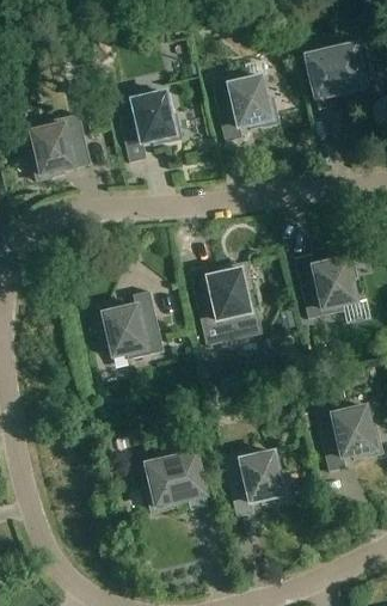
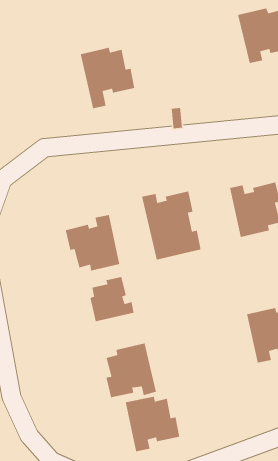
building: [213,73,281,141] -> none
building: [32,114,92,180] -> none
building: none -> [89,276,134,322]
building: [225,448,291,516] -> [125,396,180,452]

